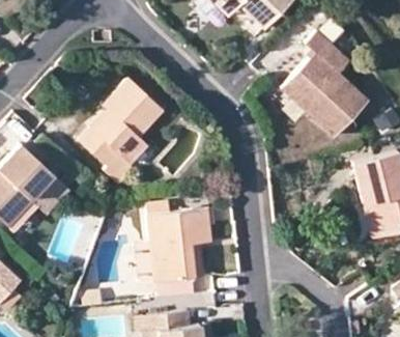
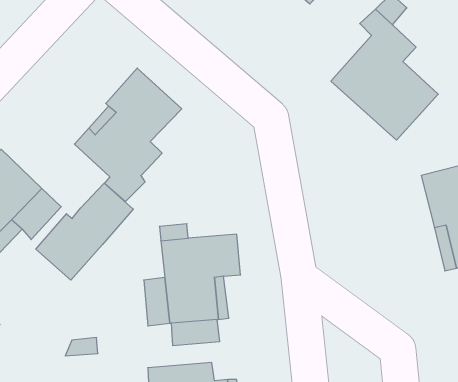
building: none -> [36,183,133,280]

